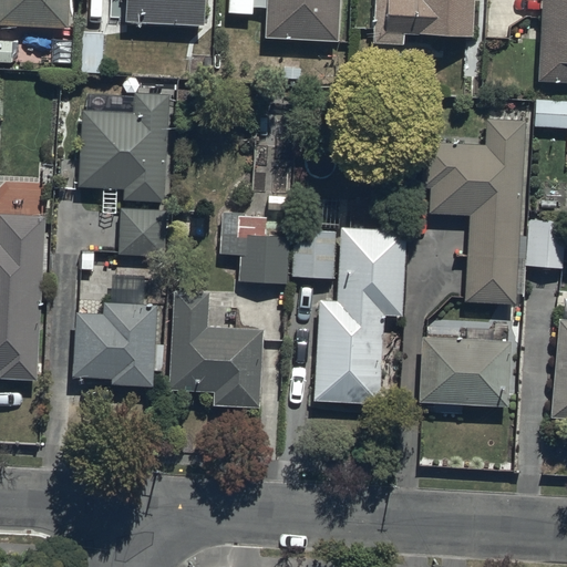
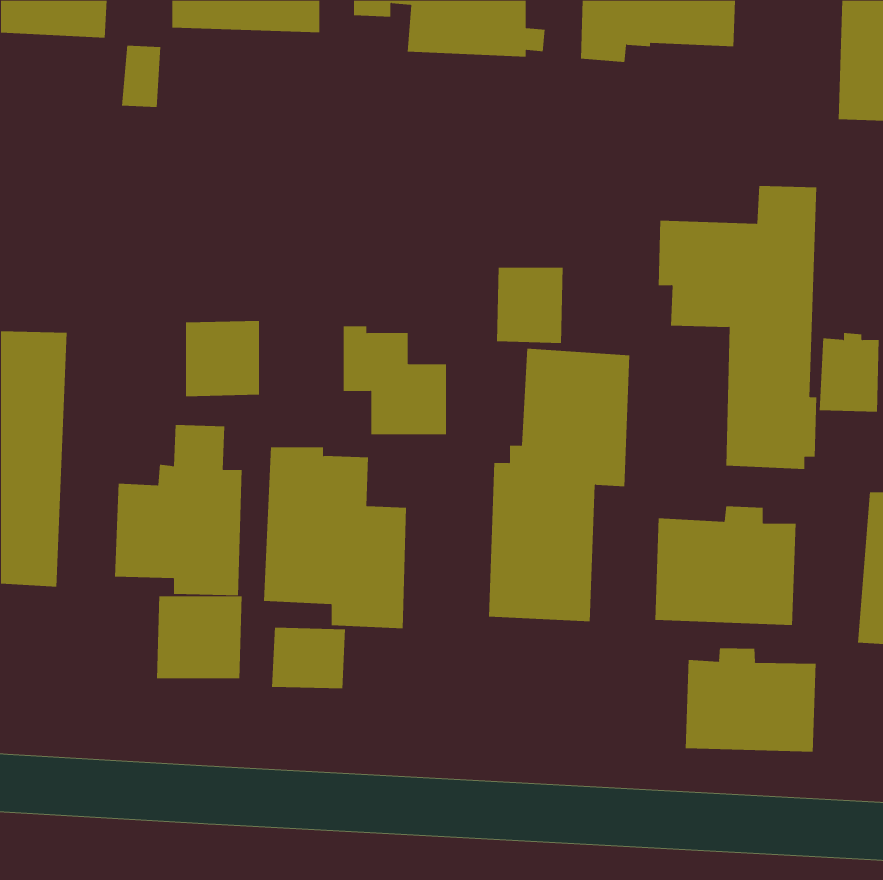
building: [81,91,168,200] -> none
building: [290,230,333,279] -> [496,267,564,343]
building: none -> [157,596,242,679]
building: none -> [272,627,345,689]
building: none -> [685,648,816,753]

